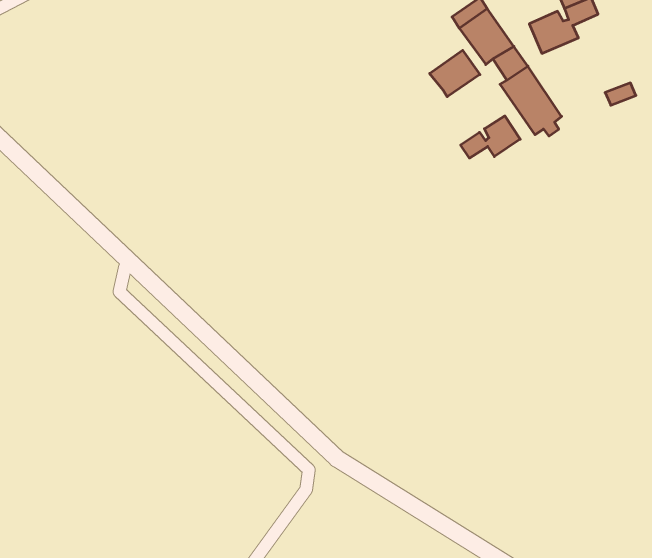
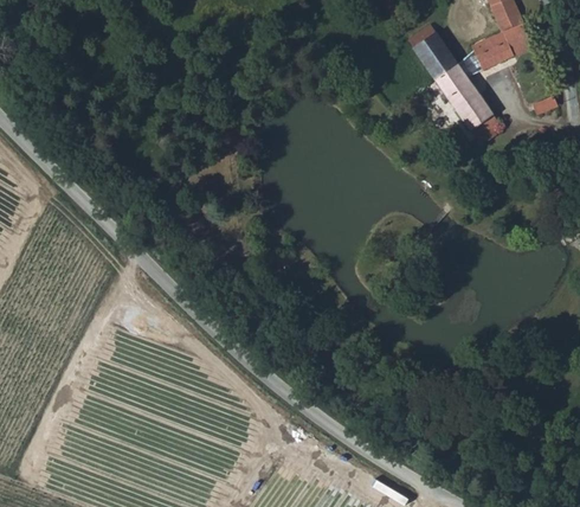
building: [430,50,480,97] -> none
building: [461,116,520,158] -> none

